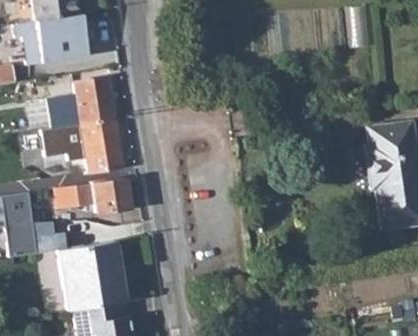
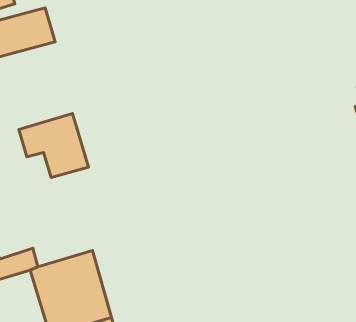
building: [60,77,114,125] -> none
building: [55,178,130,213] -> none

